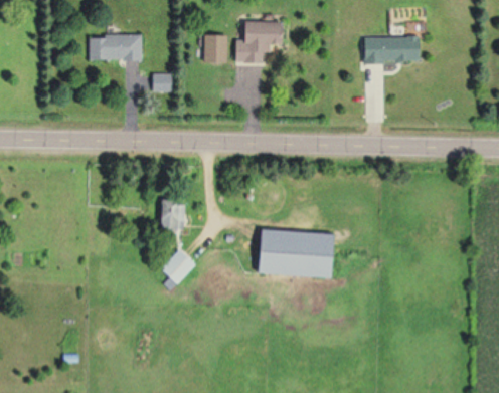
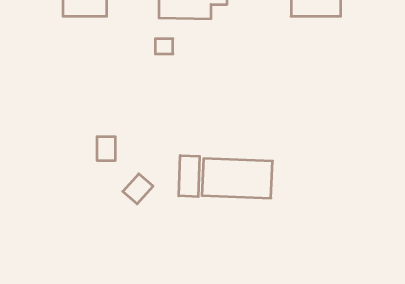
building: [153,73,174,91] -> [155,39,173,54]
building: [162,202,184,230] -> [97,137,115,160]
building: none -> [179,155,200,197]

